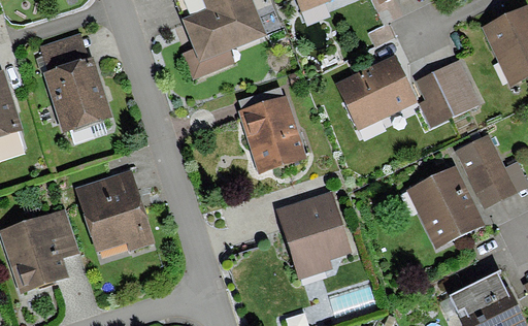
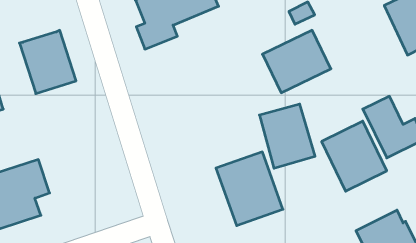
building: [39,33,88,69] -> none
building: [416,60,481,127] -> none
building: [244,101,311,178] -> [259,104,315,168]
building: [75,170,154,252] -> none

